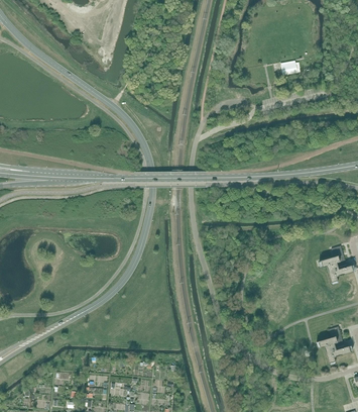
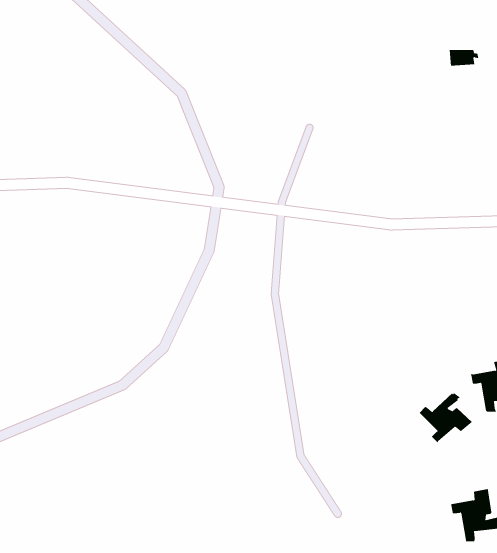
building: none -> [419,392,473,443]

